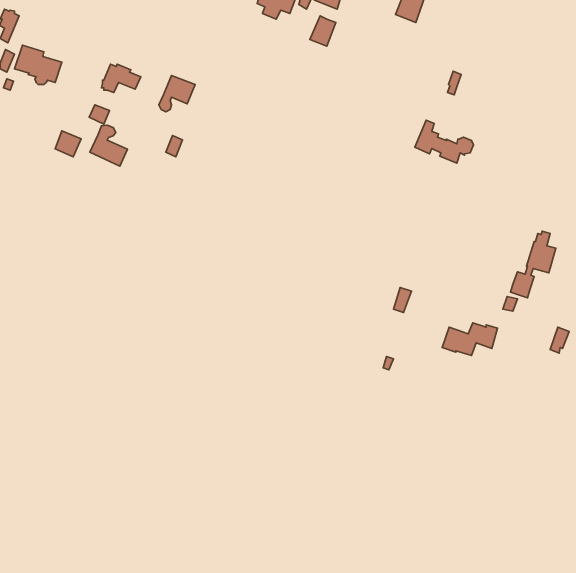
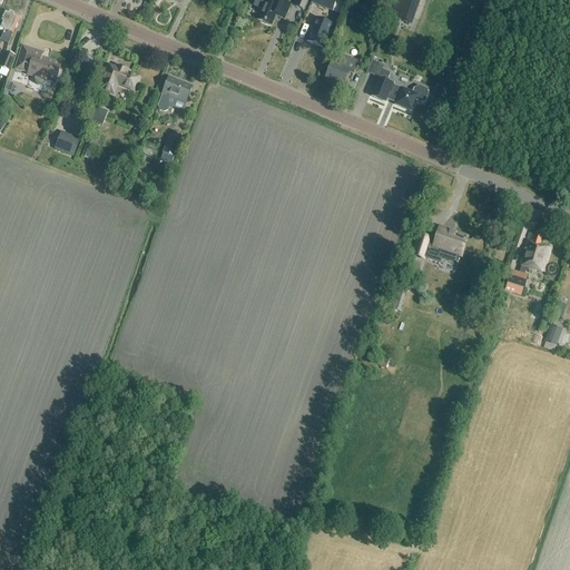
building: none -> [325,52,358,83]
building: [415,120,474,163] -> [371,67,429,109]
building: [90,125,127,166] -> none
building: [442,323,498,355] -> [411,228,465,261]

